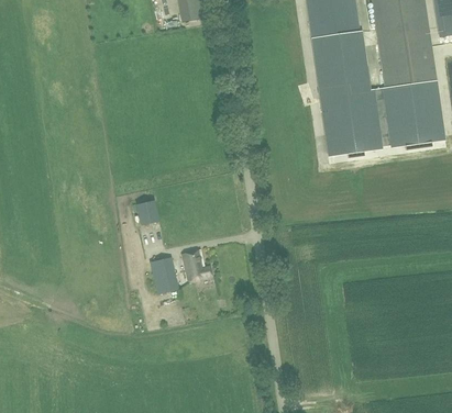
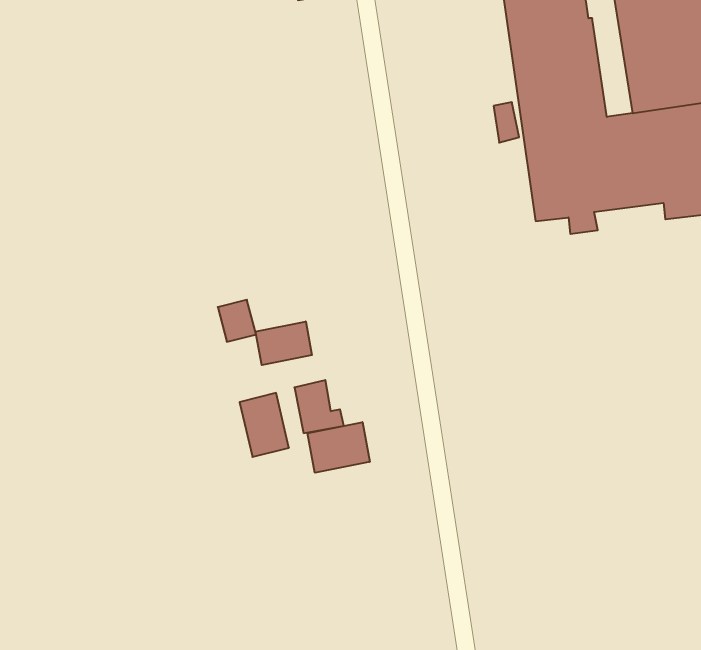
building: none -> [256,321,312,365]
building: none -> [308,422,370,473]

